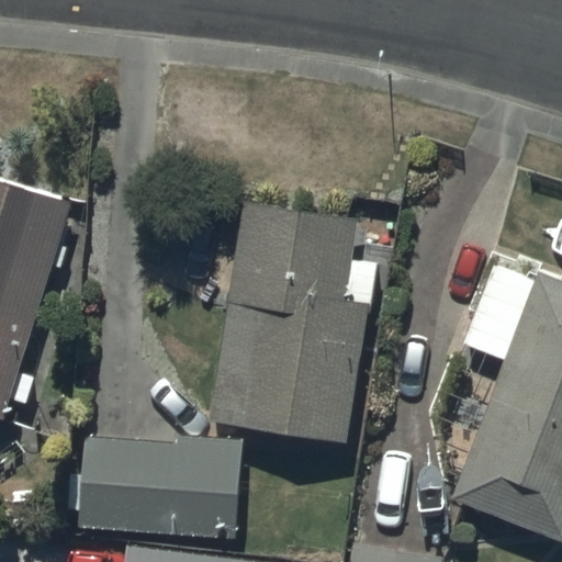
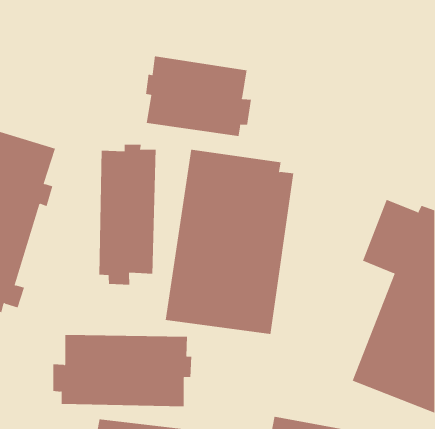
building: none -> [146,56,252,137]
building: none -> [99,144,156,286]

